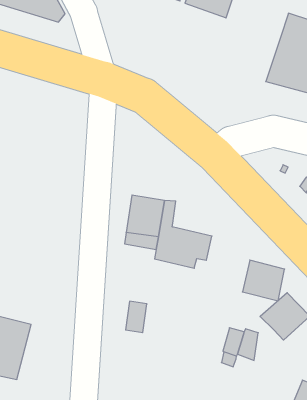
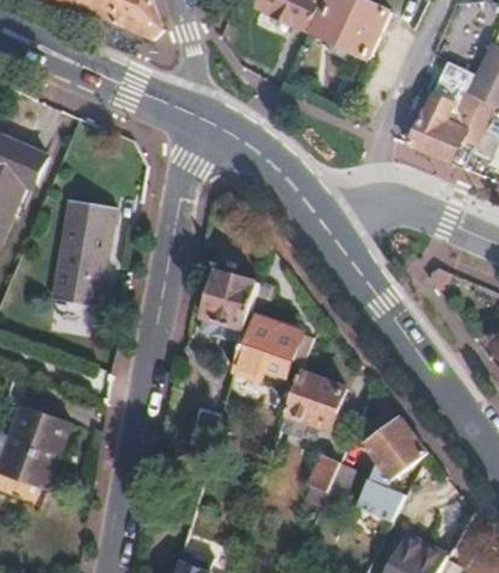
building: none -> [54,202,115,309]
building: [242,260,285,301] -> [284,371,341,427]
building: none -> [355,463,402,520]

